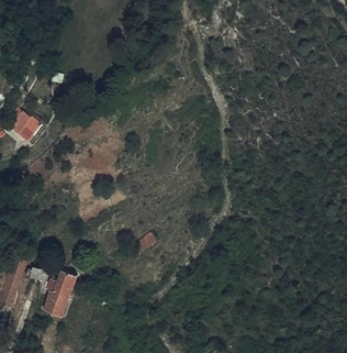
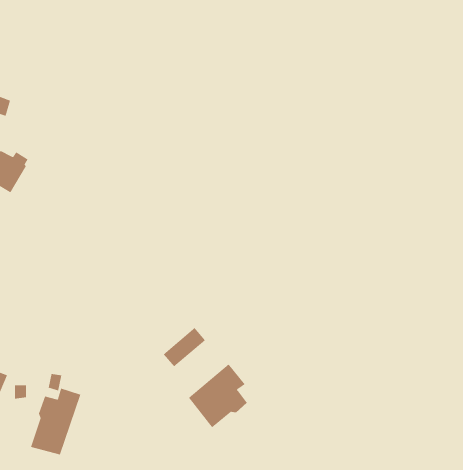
building: none -> [188,363,248,428]

